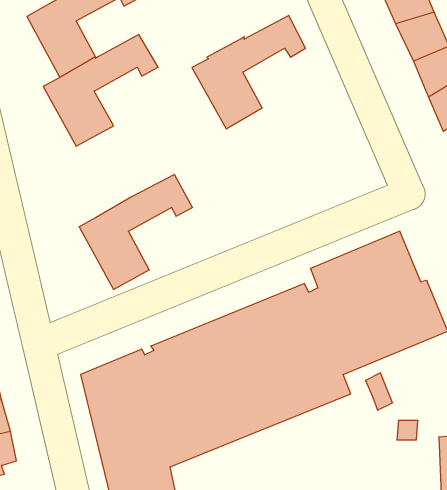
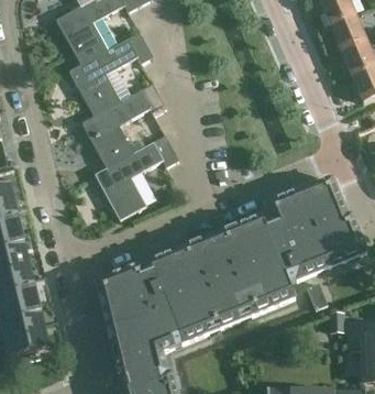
building: [192,15,305,129] -> [81,84,165,167]

